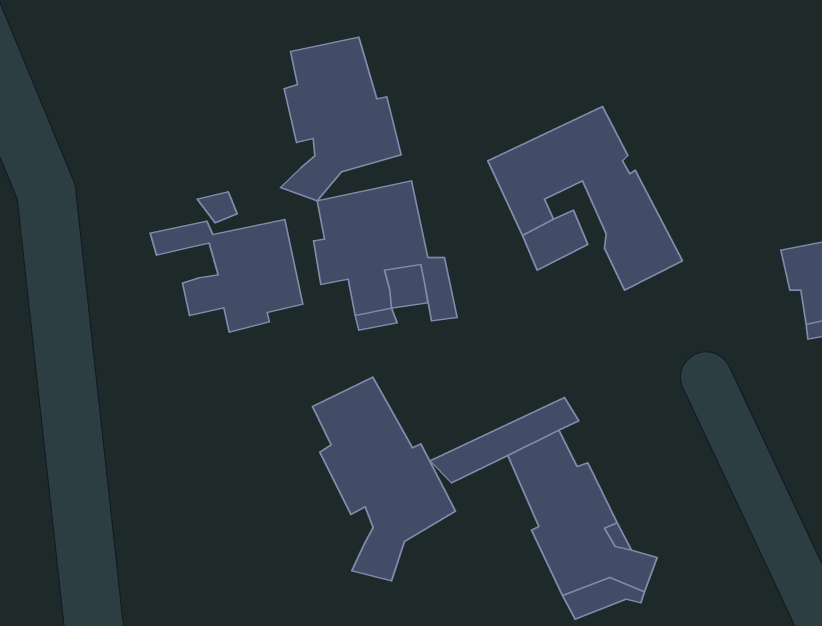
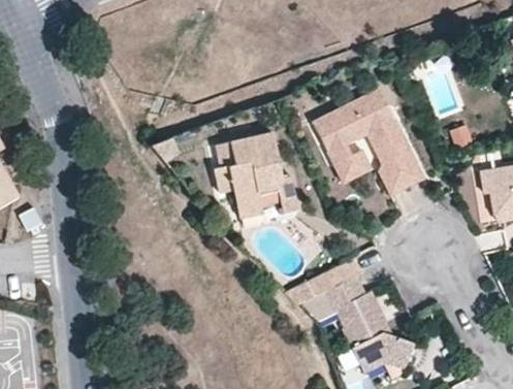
building: [281,37,401,201] -> none
building: [150,219,303,332] -> none
building: [313,377,456,581] -> none

